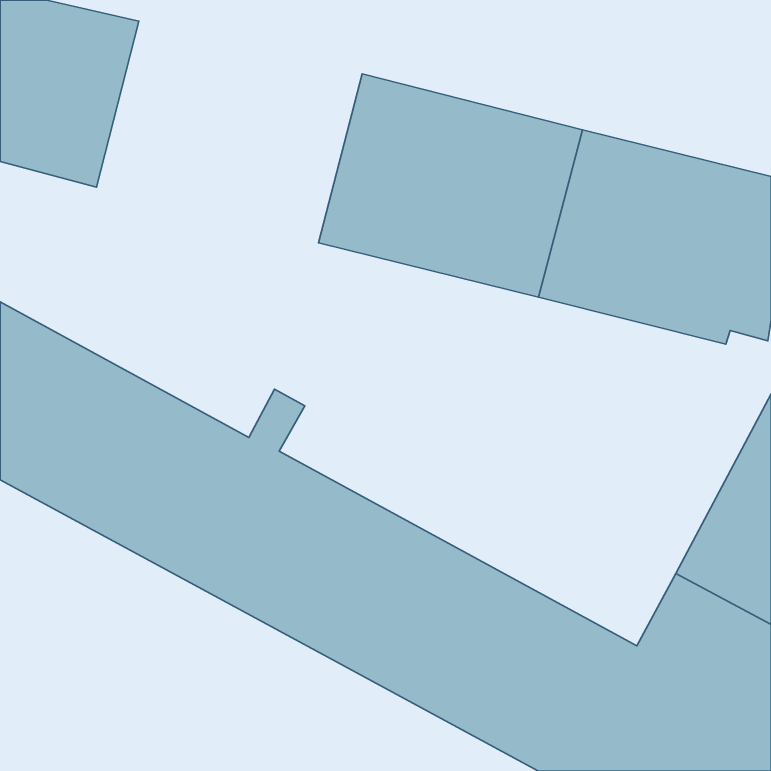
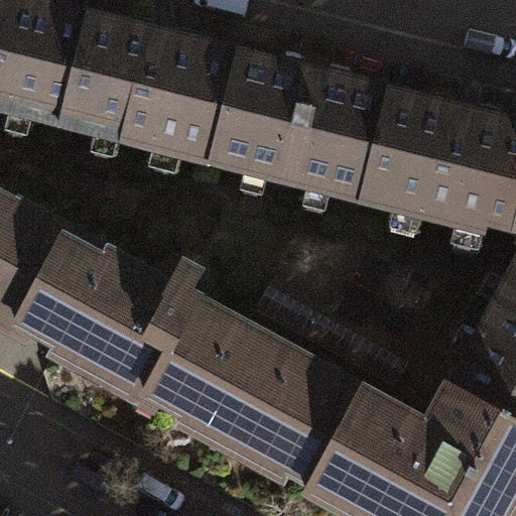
building: none -> [64,14,242,162]

